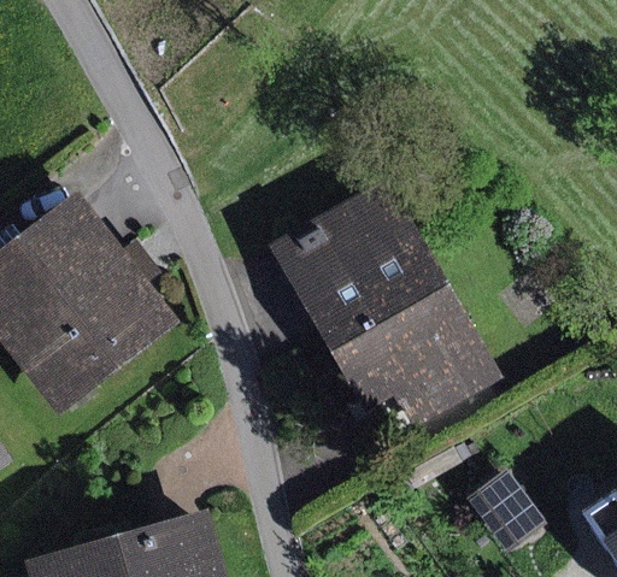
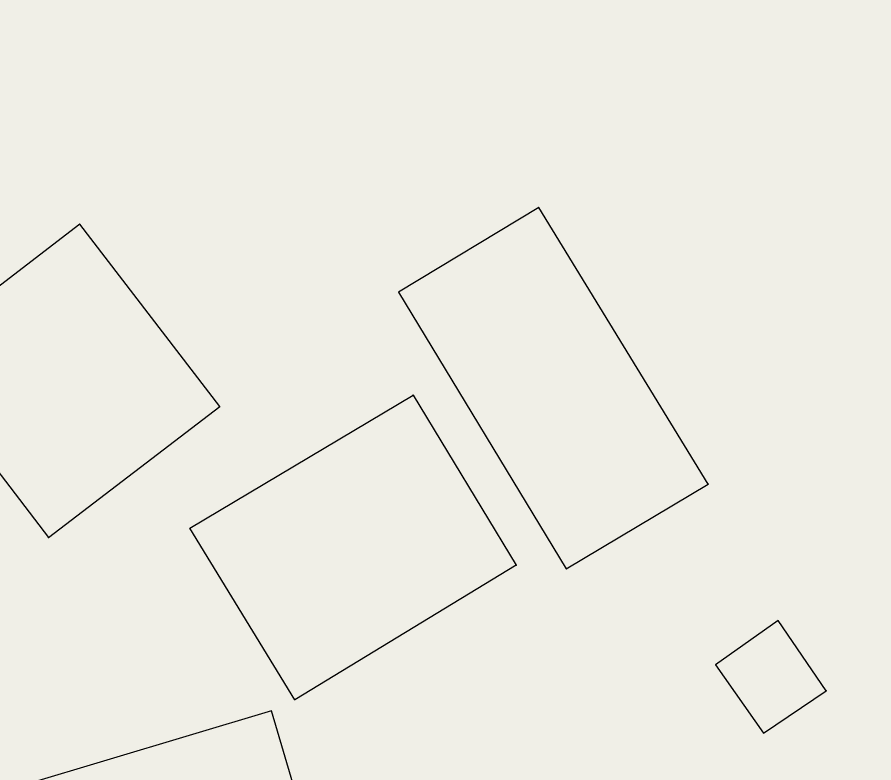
building: none -> [190,395,516,700]

